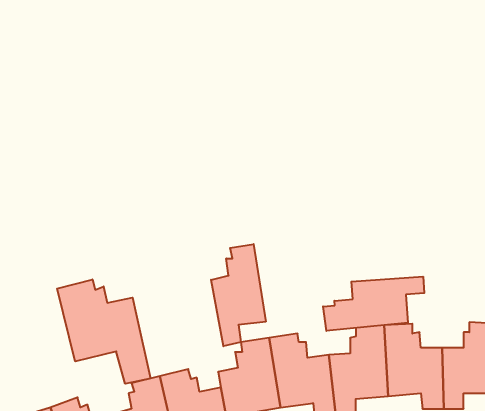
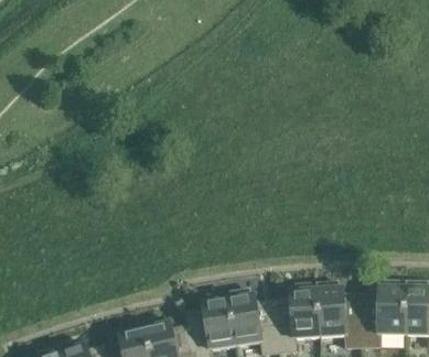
building: [211,244,266,346] -> none
building: [323,277,424,331] -> none
building: [57,279,151,384] -> none

